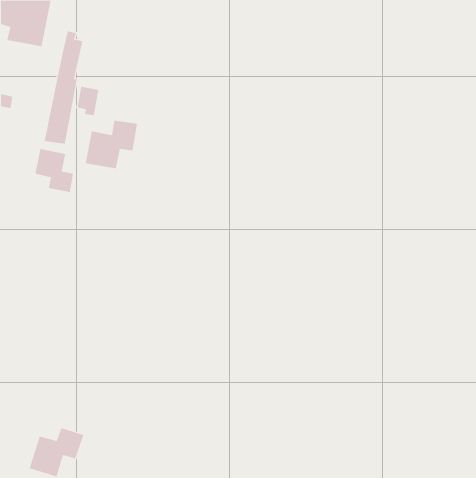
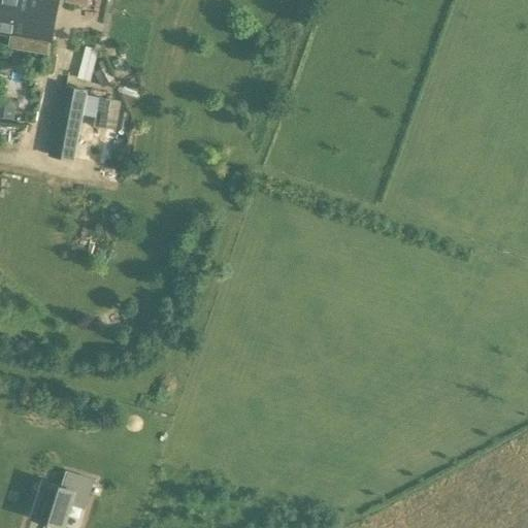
building: [85,120,138,169] -> none
building: [35,148,74,193] -> none

